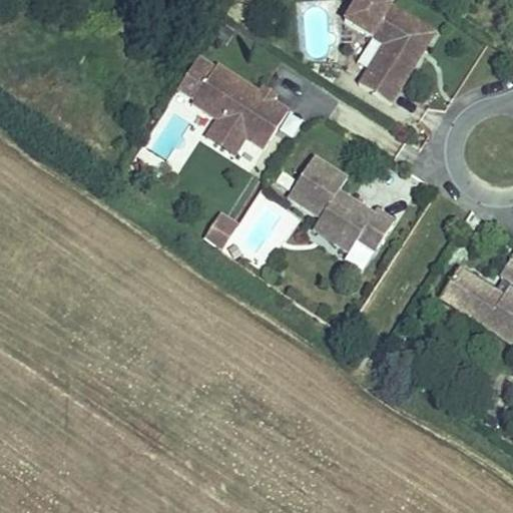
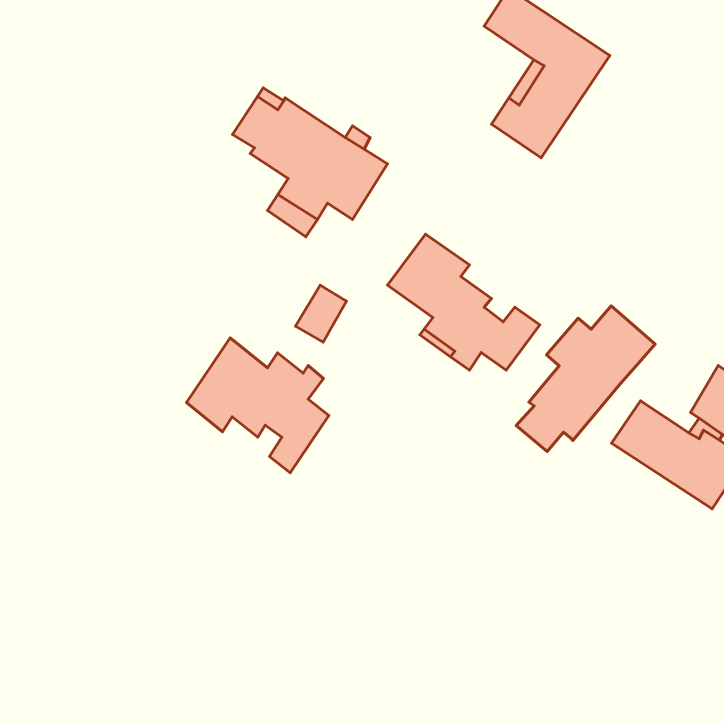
building: none -> [516,306,655,452]
building: none -> [187,338,329,473]

